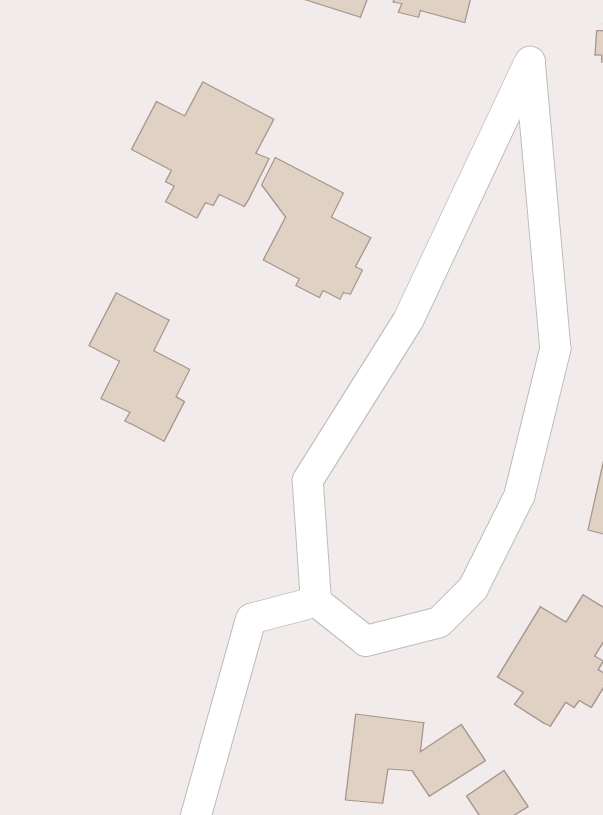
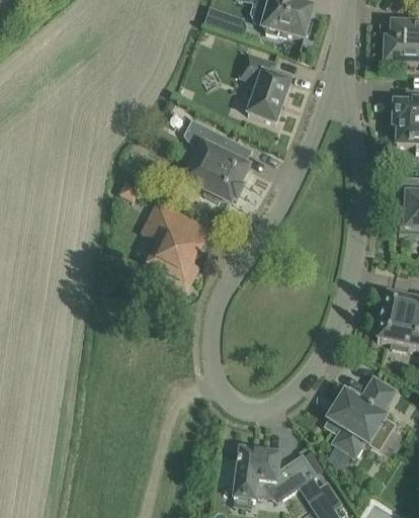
building: none -> [240,53,290,121]
building: [132,82,274,218] -> none
building: [89,293,190,441] -> [142,200,201,288]

